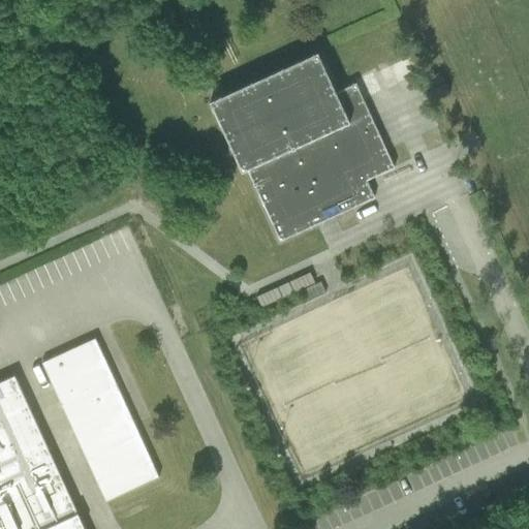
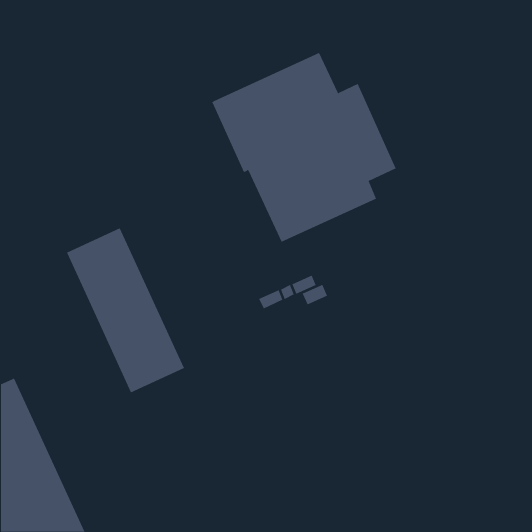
building: [41,338,159,502] -> [66,228,185,393]

